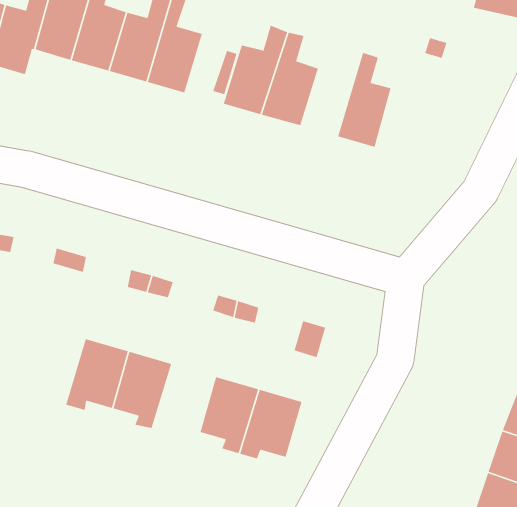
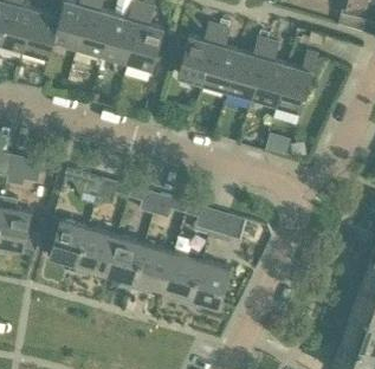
building: none -> [229,39,270,97]
building: none -> [278,52,319,112]
building: none -> [50,220,89,272]
building: none -> [132,245,174,291]

